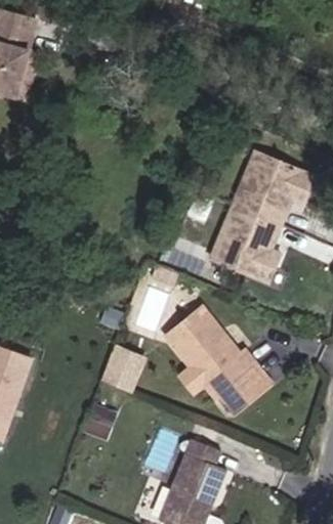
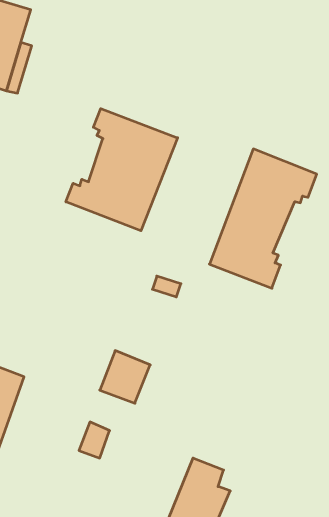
building: none -> [66,109,178,231]
building: [165,316,272,421] -> none

